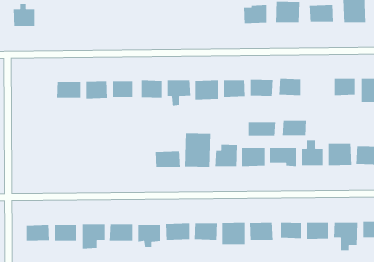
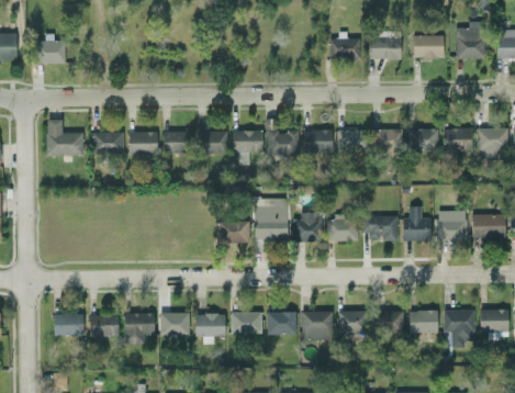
building: none -> [46,120,83,156]
building: [282,120,307,136] -> [406,128,438,149]
building: [248,122,276,136] -> none

